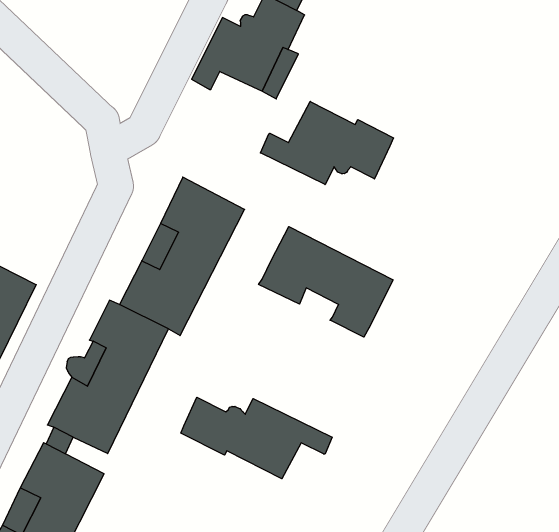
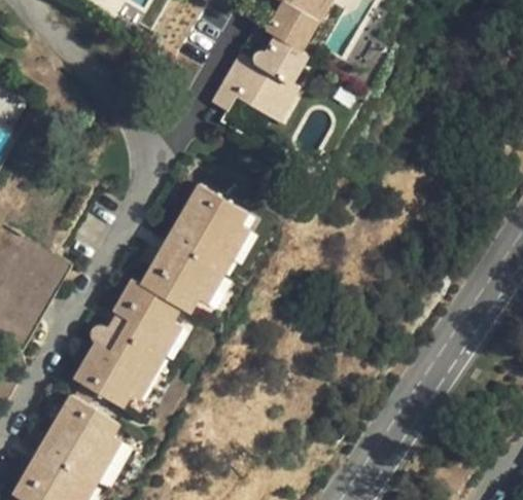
building: [260,101,393,185] -> none
building: [259,227,393,337] -> none
building: [181,397,332,479] -> none

